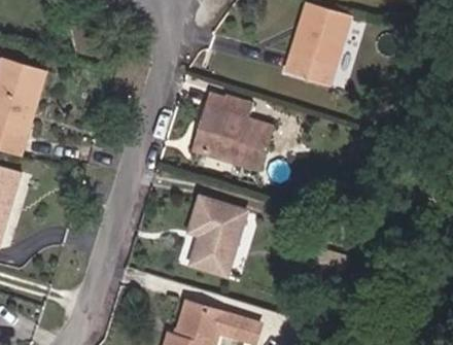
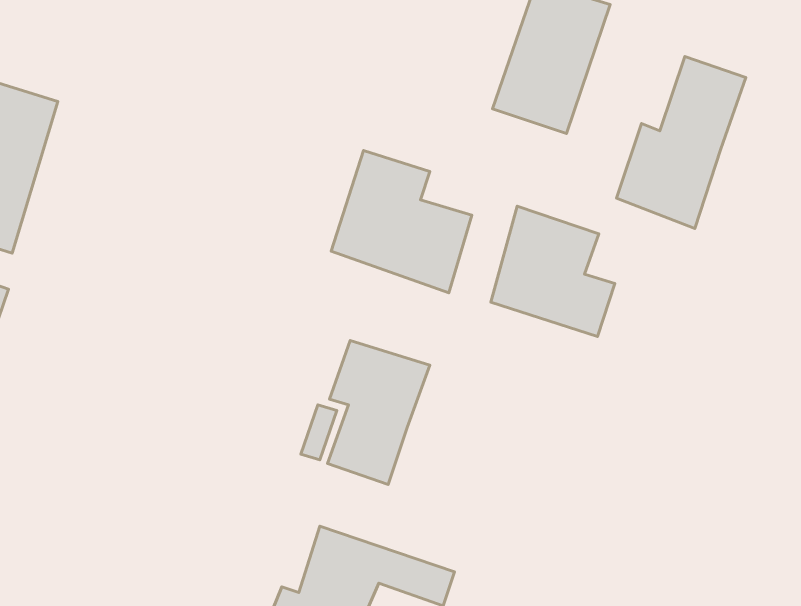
building: none -> [616,56,746,228]
building: none -> [491,206,615,336]

